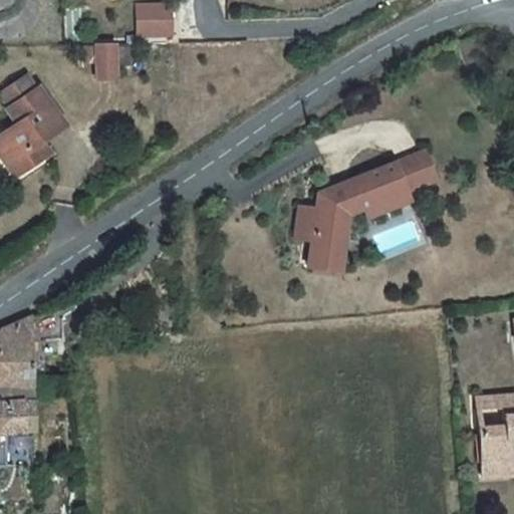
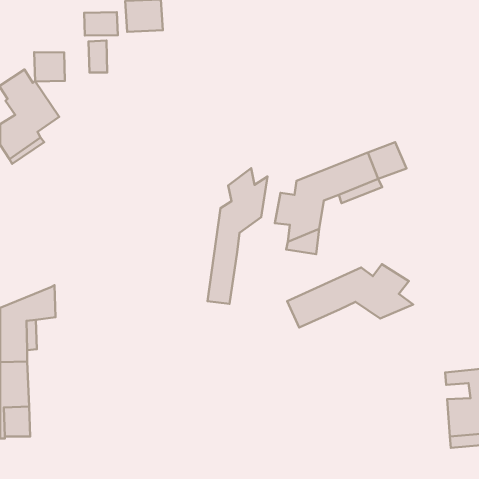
building: none -> [84,12,118,35]
building: none -> [34,52,65,82]
building: none -> [208,168,268,304]
building: none -> [287,264,413,327]

